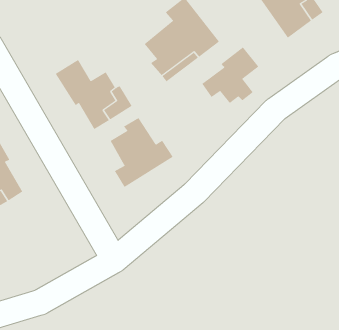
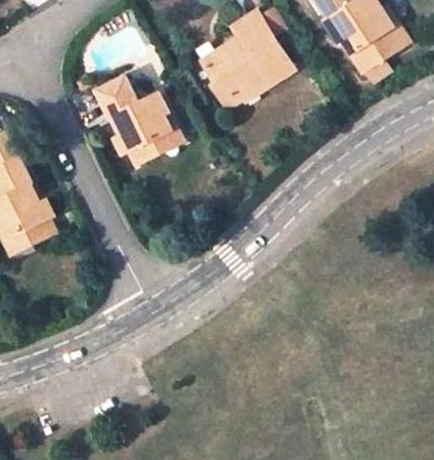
building: [202,47,259,104] -> none
building: [110,117,173,188] -> none

